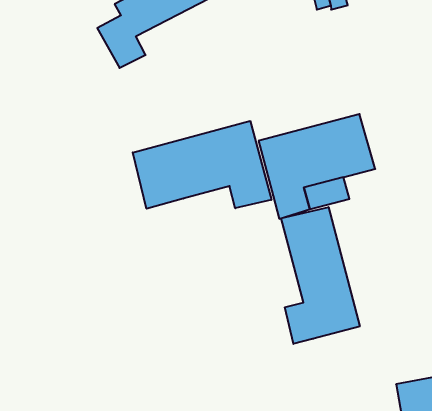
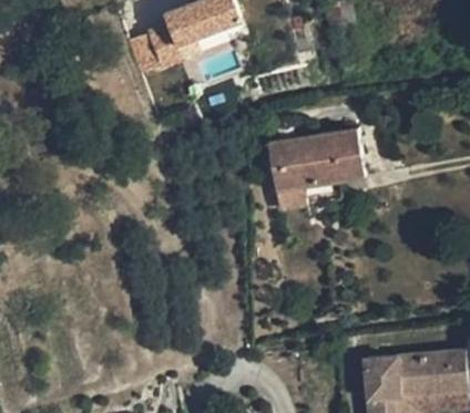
building: [133,121,271,209] -> none
building: [281,207,360,344] -> none

